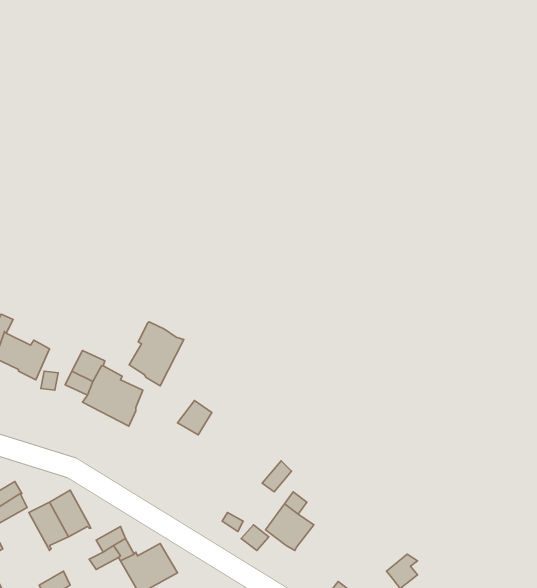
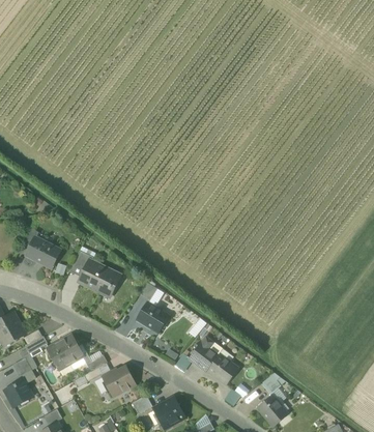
building: [129,322,184,386] -> none
building: none -> [138,301,170,332]
building: none -> [208,354,237,383]

